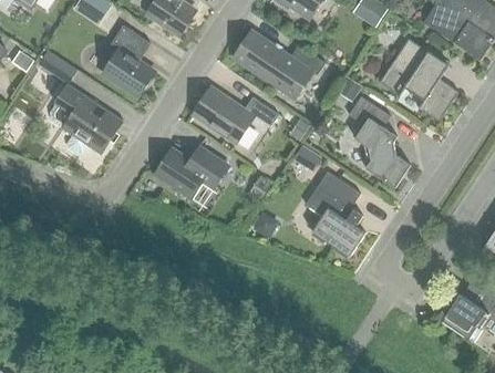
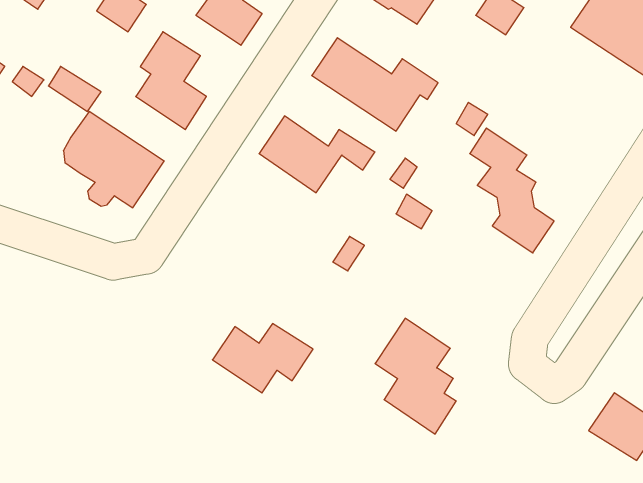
building: [379,38,458,121] -> none
building: [154,146,228,197] -> [212,324,313,393]
building: [305,170,364,256] -> [375,318,456,434]

